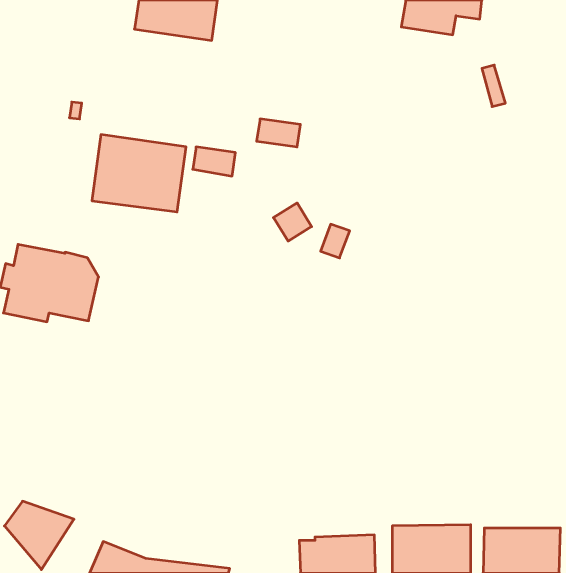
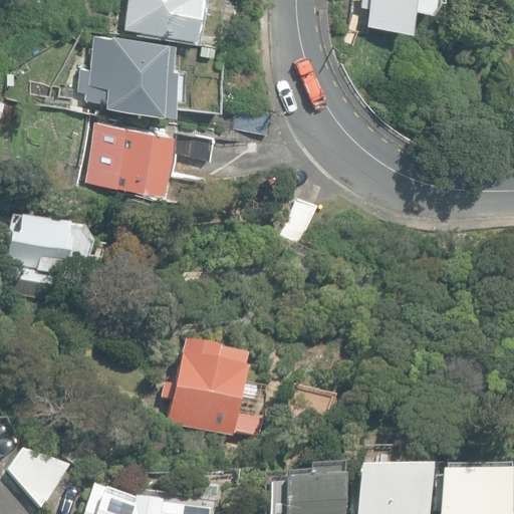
building: none -> [81,34,186,109]
building: none -> [165,345,266,437]

